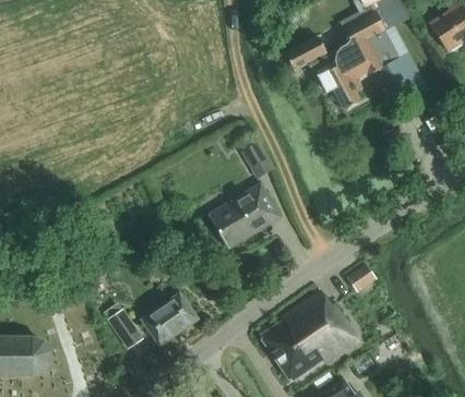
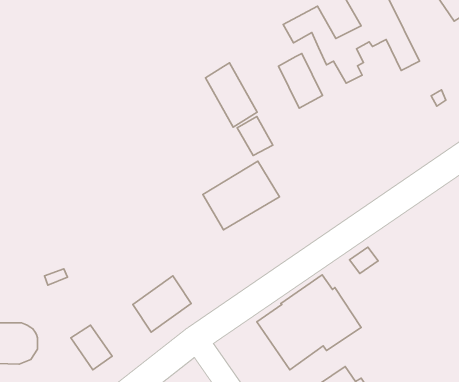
building: none -> [279,54,322,108]
building: none -> [205,63,257,127]
building: [105,309,144,351] -> [71,325,112,370]

